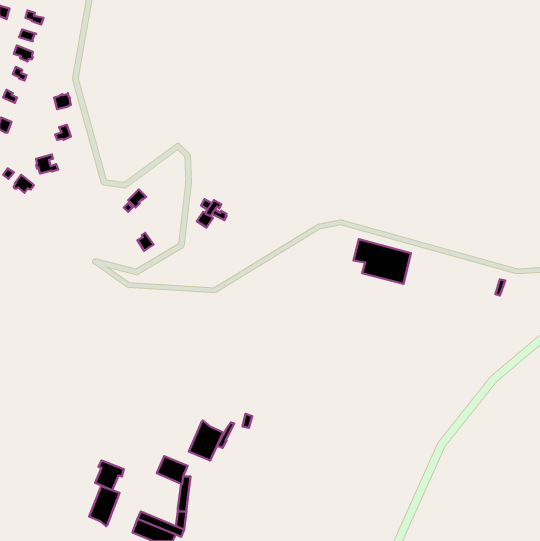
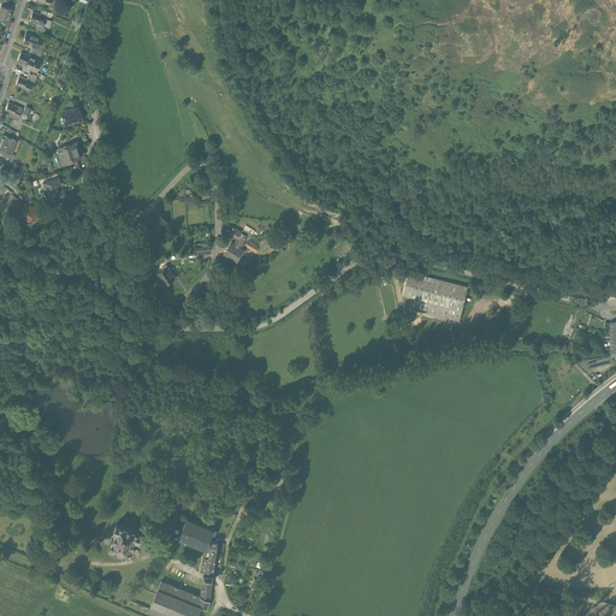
building: [189,420,223,461] -> none
building: [89,486,119,526] -> none

